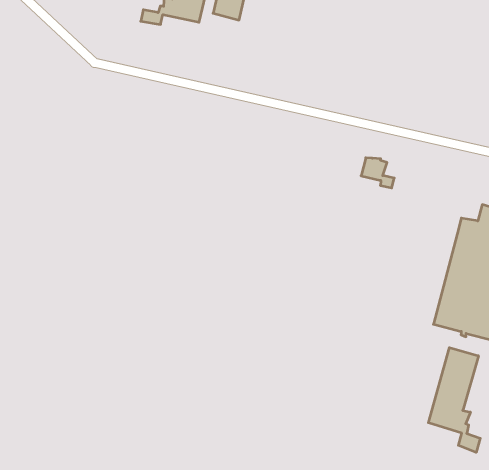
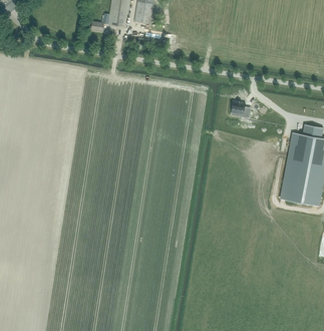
building: [428,348,480,452] -> none

